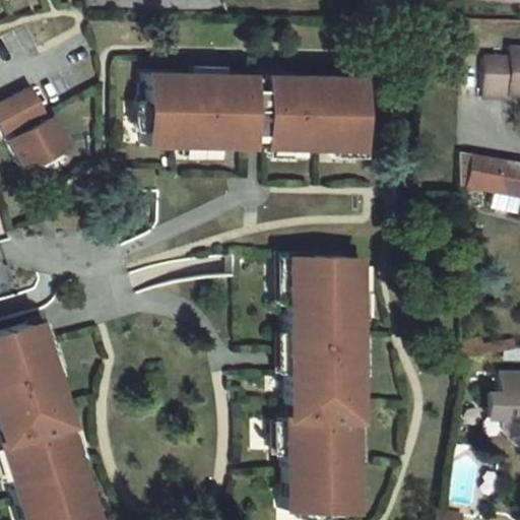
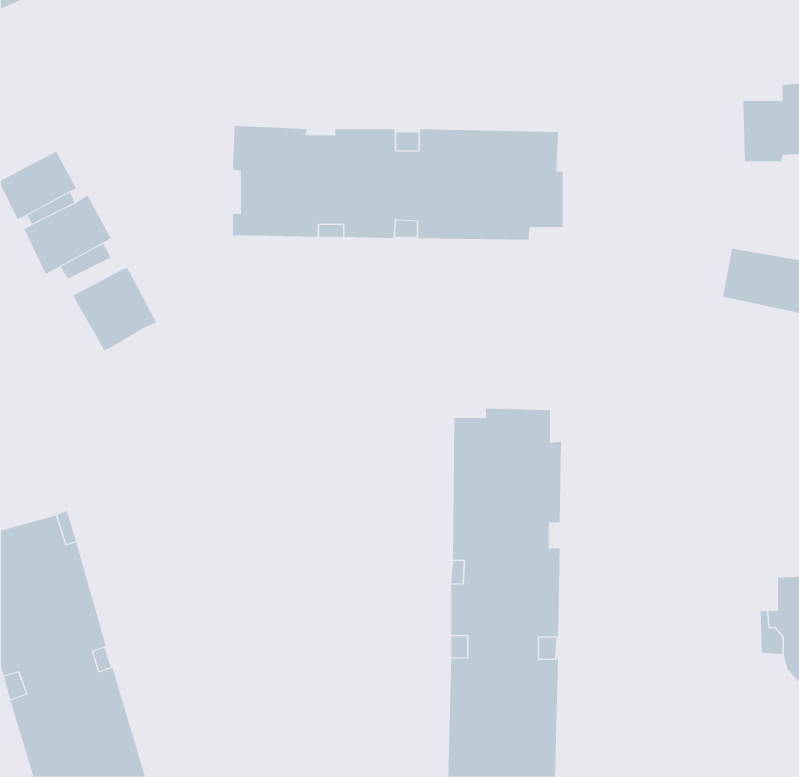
building: none -> [72,267,157,351]

